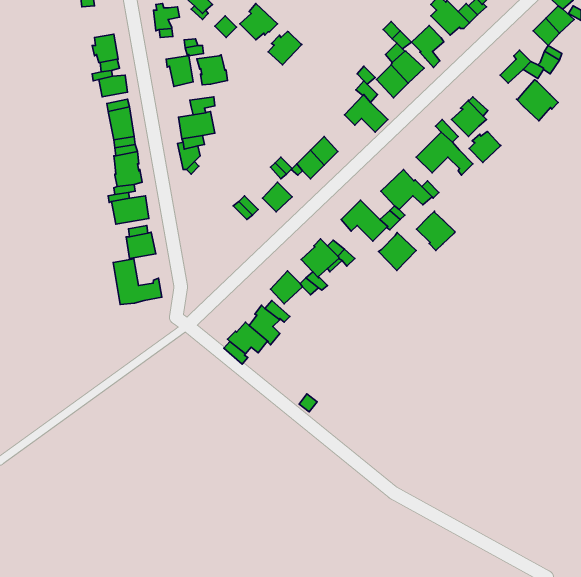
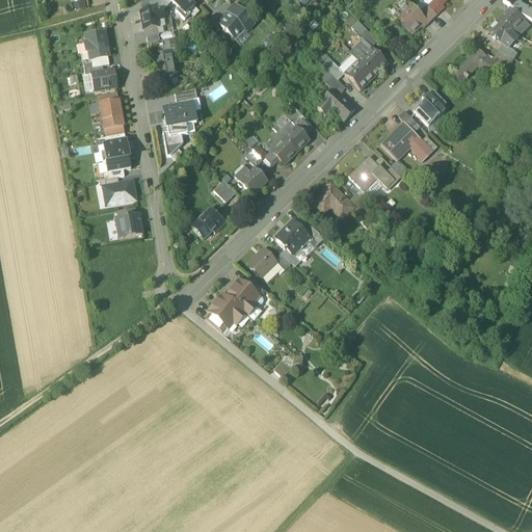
building: [412,26,444,67] -> none
building: [268,31,302,65] -> none
building: [197,55,228,85] -> none
building: [516,80,558,121] -> none
building: [469,131,501,163] -> none
building: [417,211,455,251] -> none
building: none -> [193,208,225,236]
building: [378,233,416,271] -> none
building: [113,259,162,305] -> none

